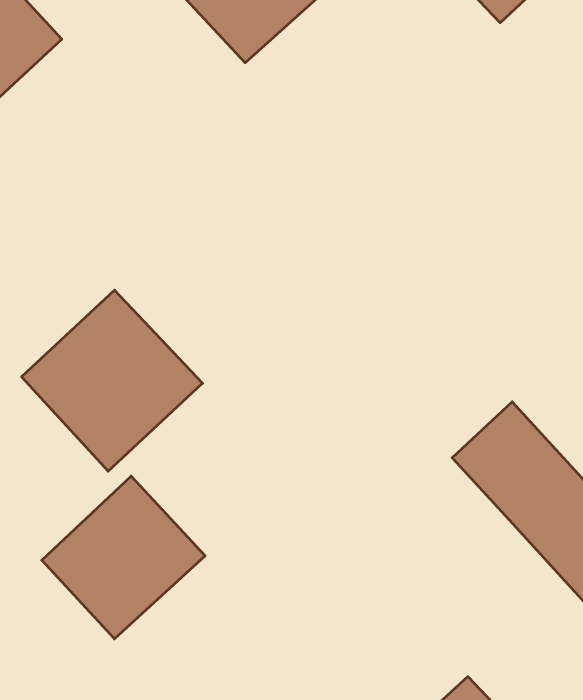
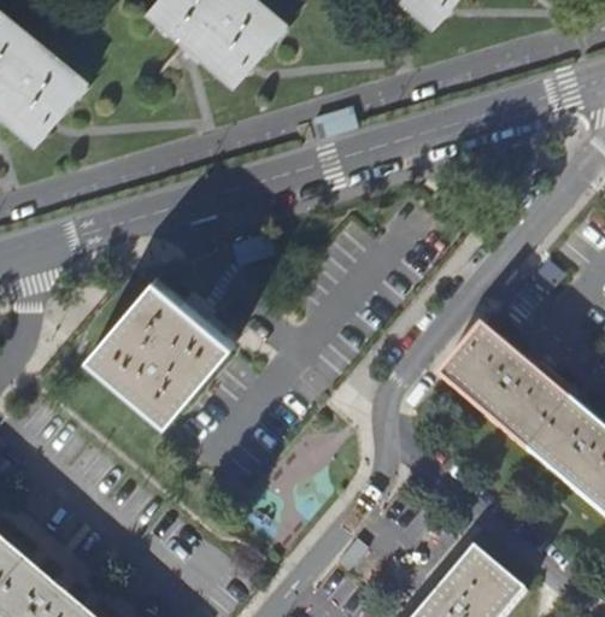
building: [42,476,205,639] -> none

